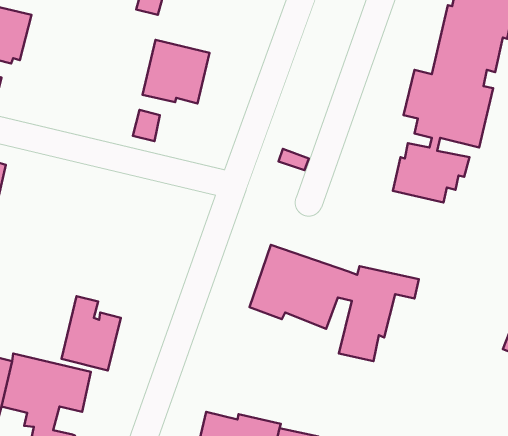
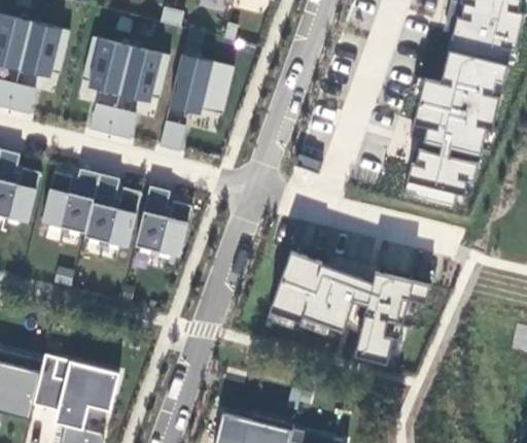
building: none -> [79,36,167,101]
building: none -> [86,104,133,139]
building: none -> [39,169,139,246]
building: [61,296,121,371] -> [133,185,189,257]

